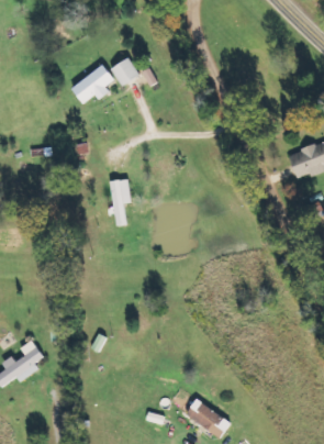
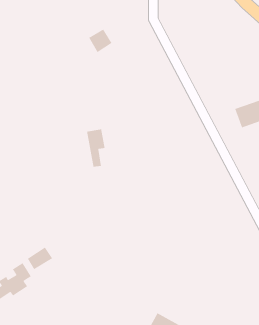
building: [71,65,113,106] -> none
building: none -> [27,247,53,270]

